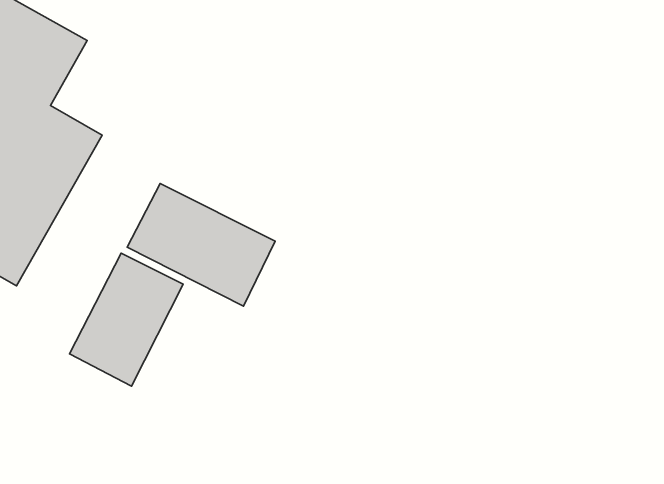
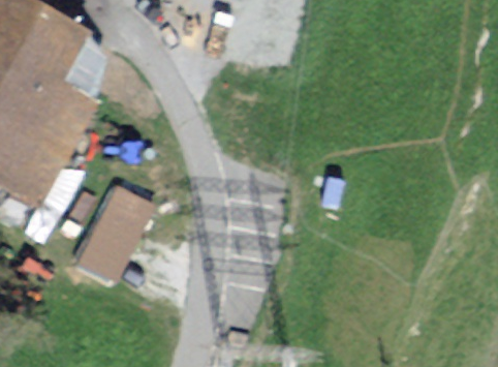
building: [127,183,275,306] -> none

